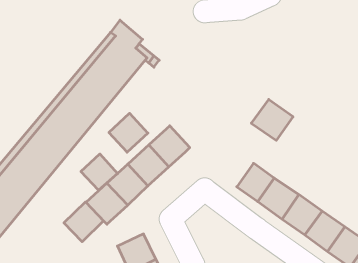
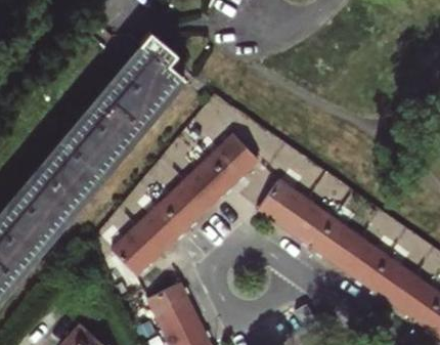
building: [251,99,293,140] -> [259,182,308,230]
building: none -> [210,136,257,184]
building: [109,113,148,152] -> none
building: [81,154,118,190] -> none
building: [64,202,104,242] -> none

